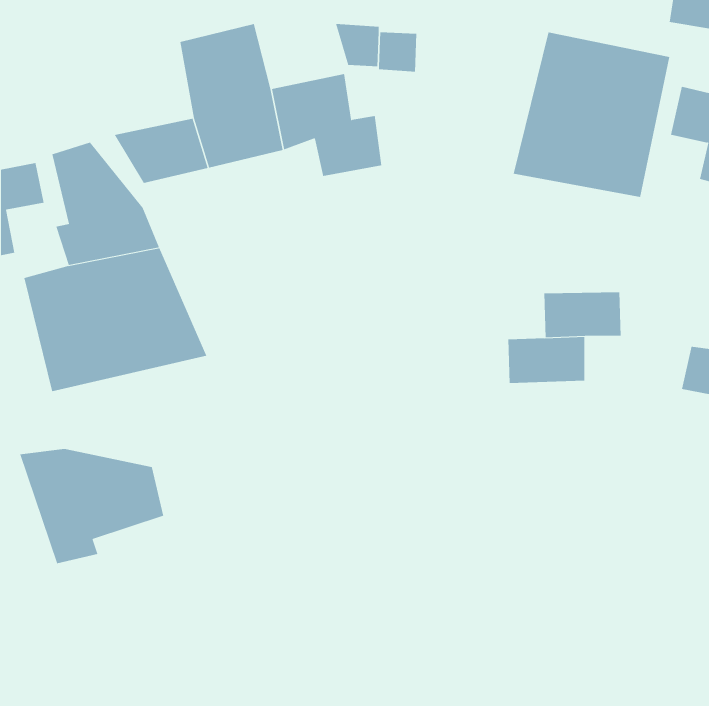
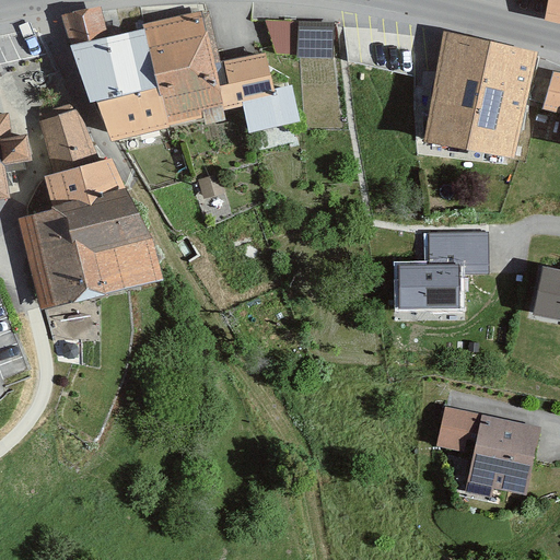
building: none -> [71,12,153,106]
building: [20,448,164,564] -> none
building: none -> [433,402,536,485]

